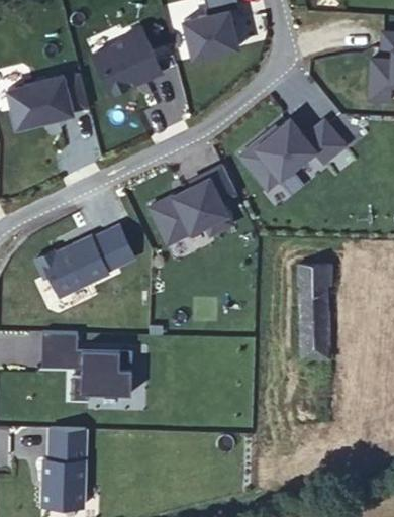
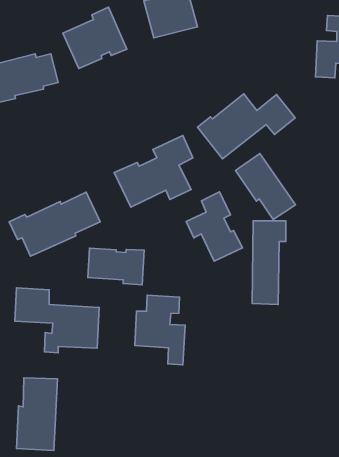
building: none -> [236,154,296,220]
building: none -> [186,192,243,261]
building: none -> [88,248,144,285]
building: none -> [135,295,185,365]

